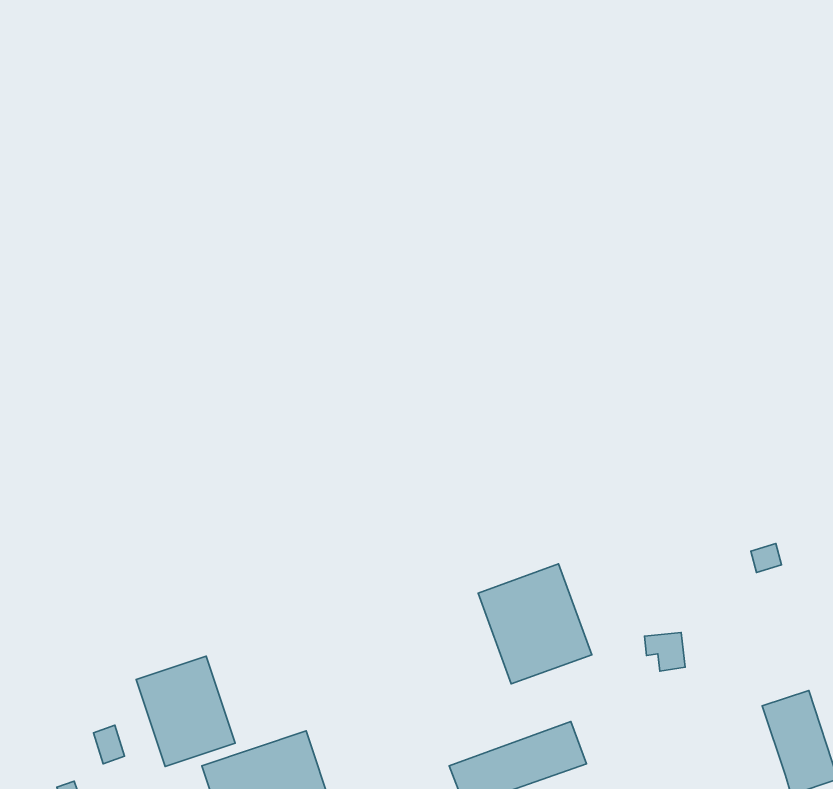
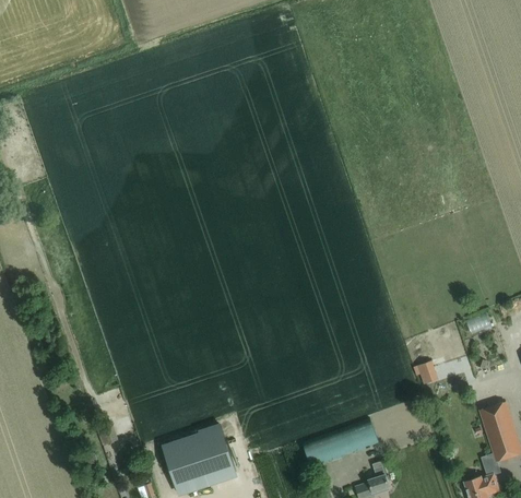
building: [478,564,592,684] -> none
building: [136,656,235,767] -> none

